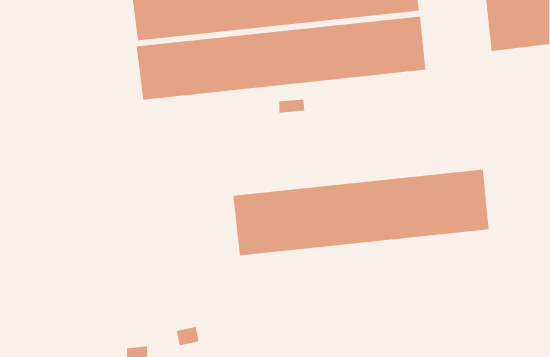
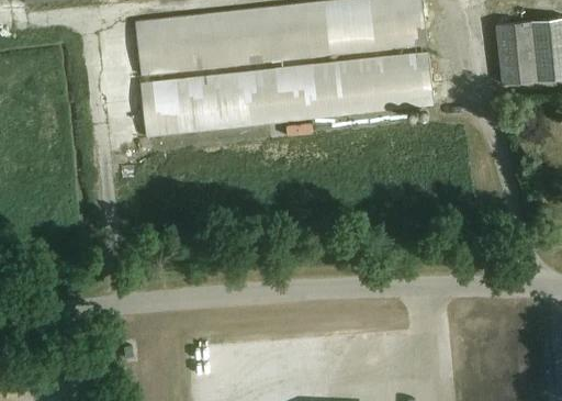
building: [233,169,489,256] -> none

